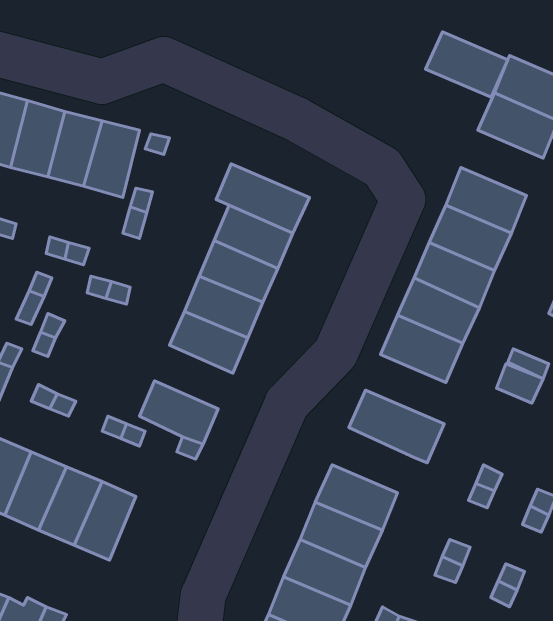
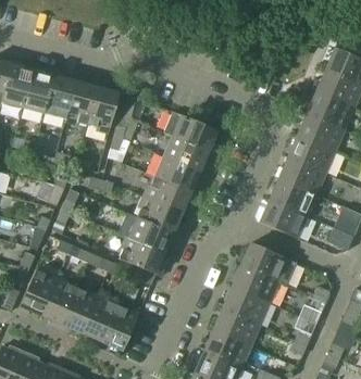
building: [426,32,508,97] -> [306,91,353,129]
building: none -> [117,212,173,253]
building: none -> [231,264,278,302]
building: none -> [101,304,138,350]

